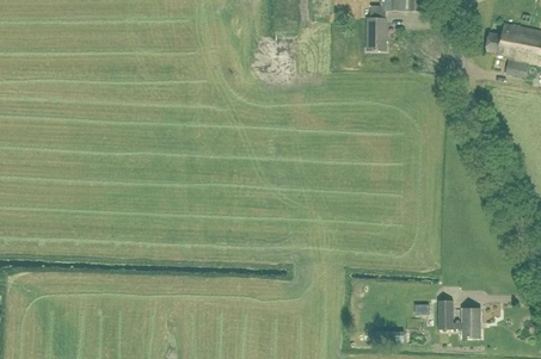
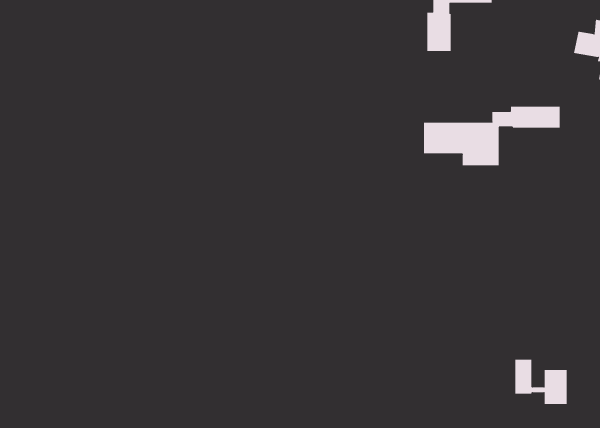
building: none -> [423,106,560,166]

